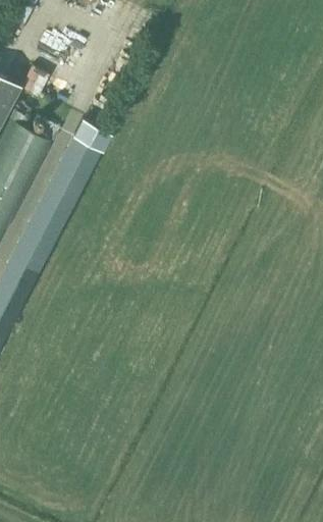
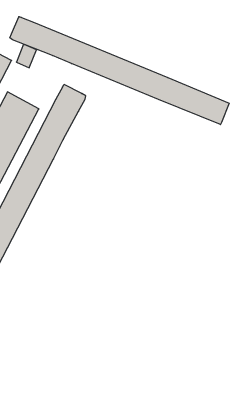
building: none -> [10,17,229,125]

